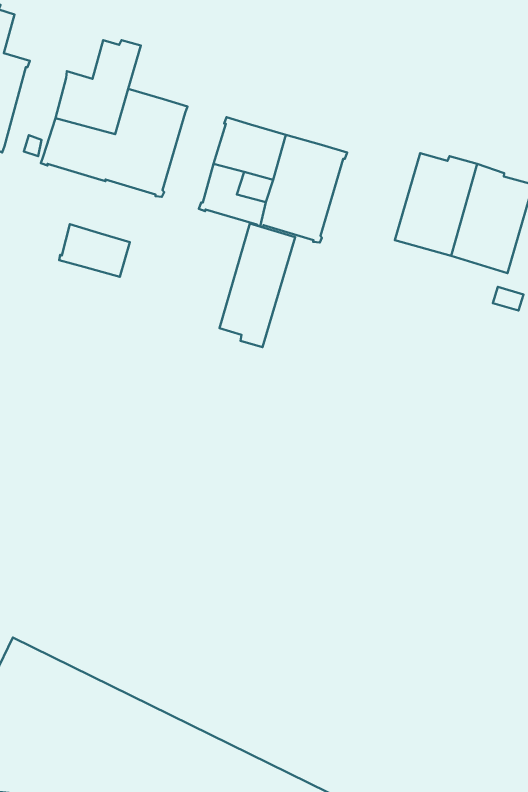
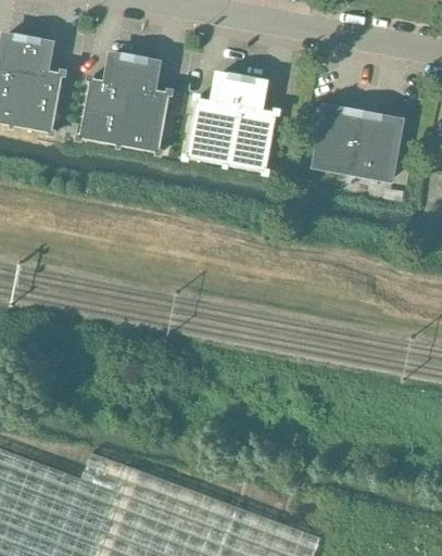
building: none -> [130,55,159,89]
building: none -> [213,73,265,109]
building: [219,223,295,347] -> none
building: [59,224,130,277] -> none

